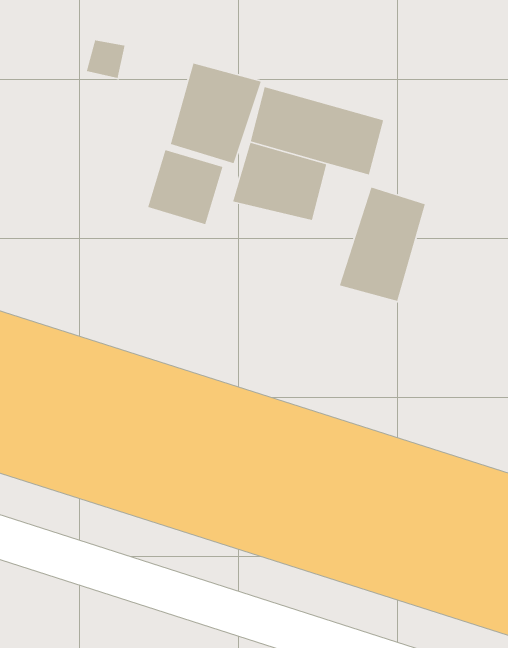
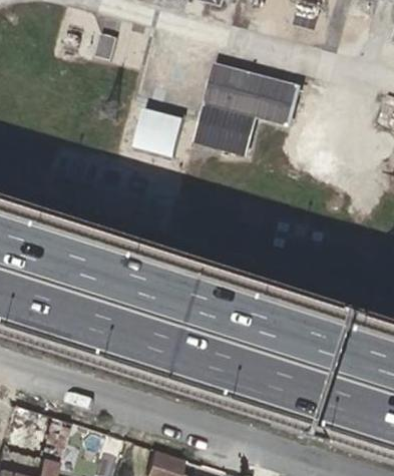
building: [170,62,262,164] -> none
building: [339,187,426,302] -> none

